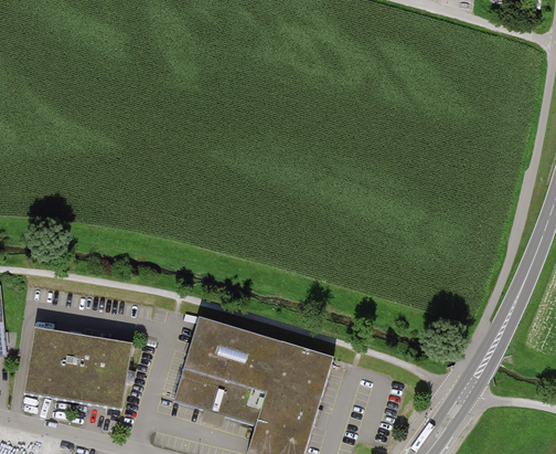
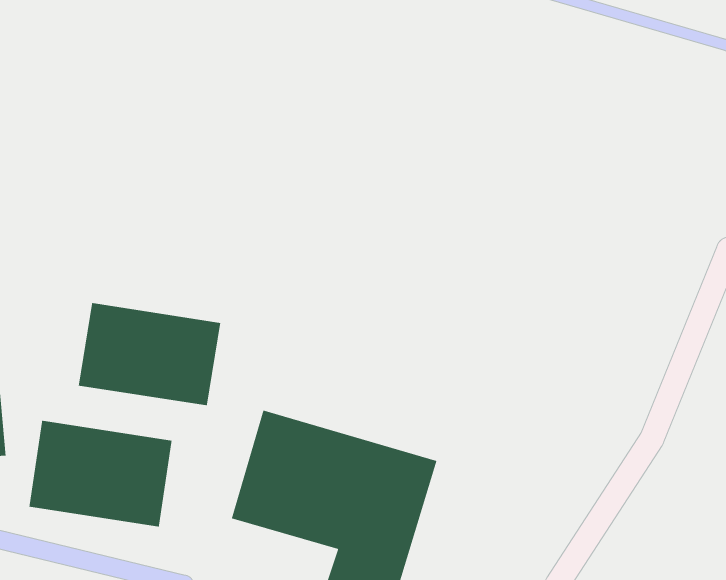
building: none -> [78,302,221,406]

